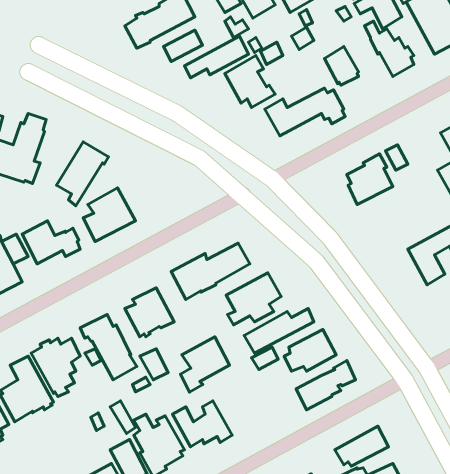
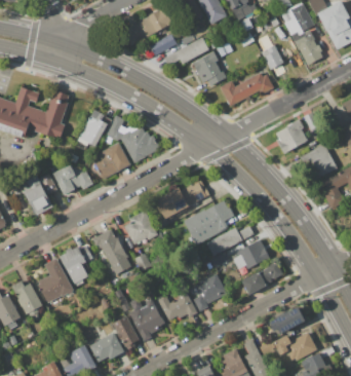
building: none -> [105,115,159,164]
building: none -> [300,143,338,177]
building: [180,337,230,392] -> [193,273,227,311]

